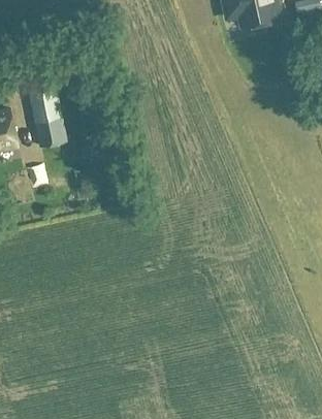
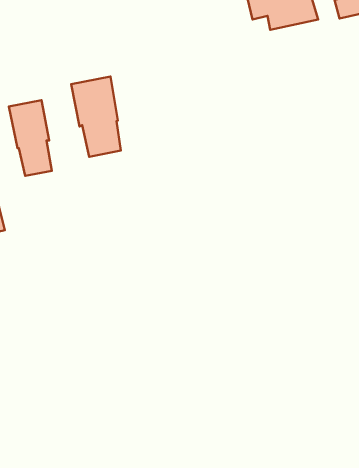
building: none -> [71,77,121,157]

